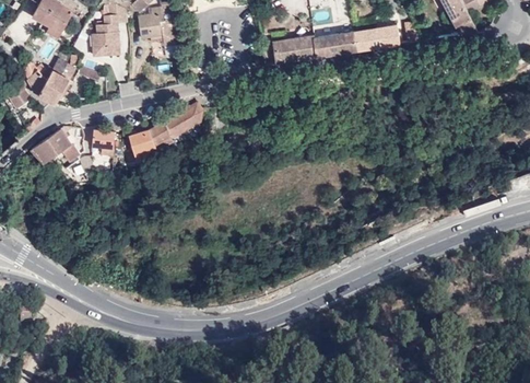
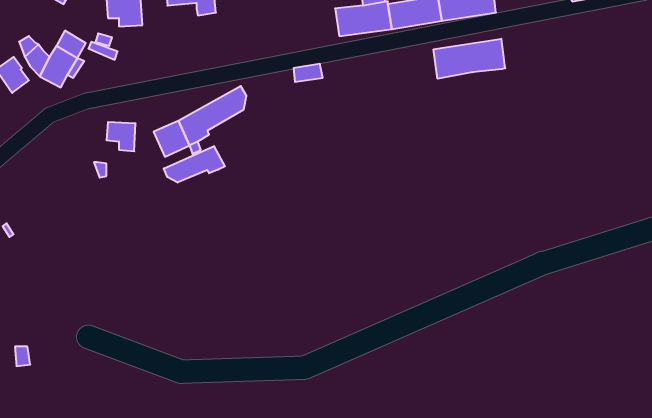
building: none -> [434,39,505,79]
building: [31,129,79,163] -> none
building: none -> [164,146,225,183]

